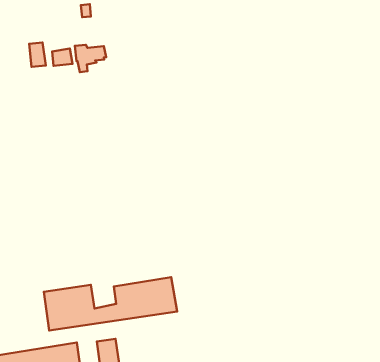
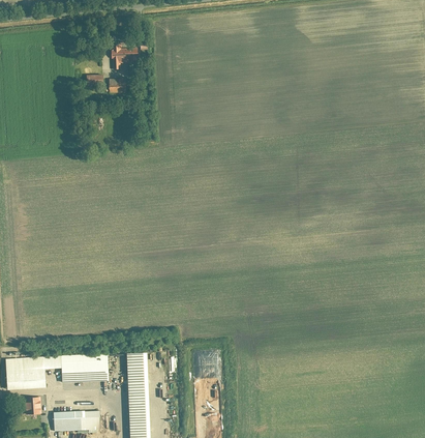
building: [75,45,106,72] -> [112,45,140,69]
building: [44,277,177,330] -> none

